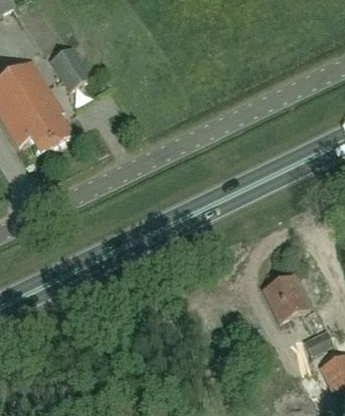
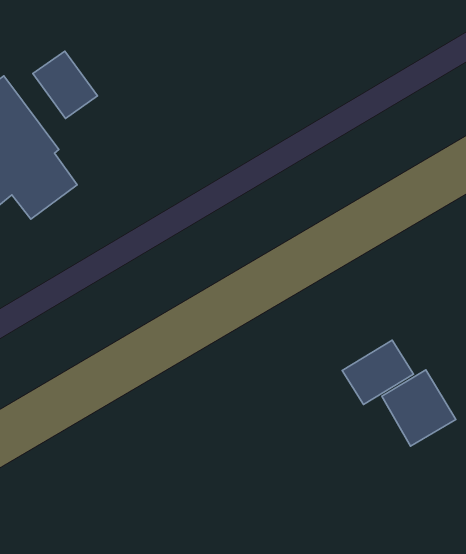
building: none -> [342,340,413,404]

